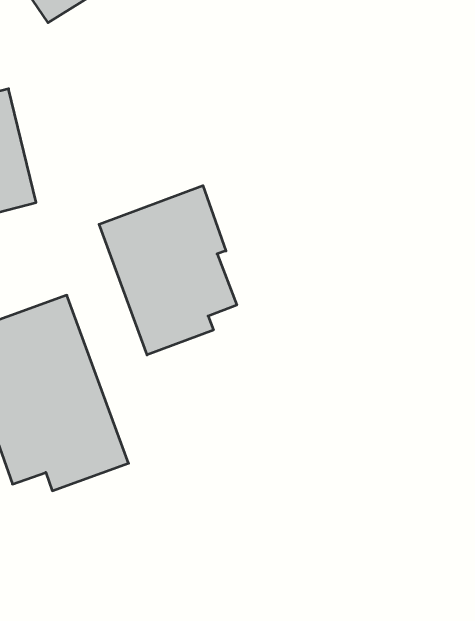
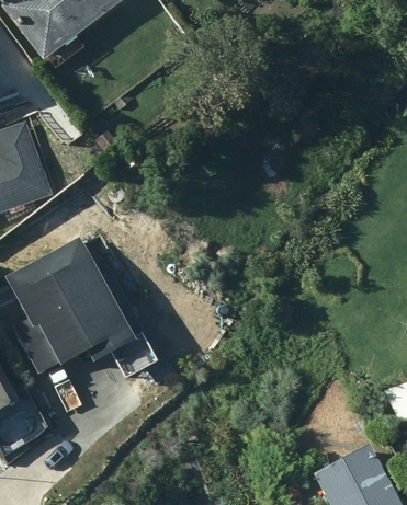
building: [99,186,237,355] -> none

